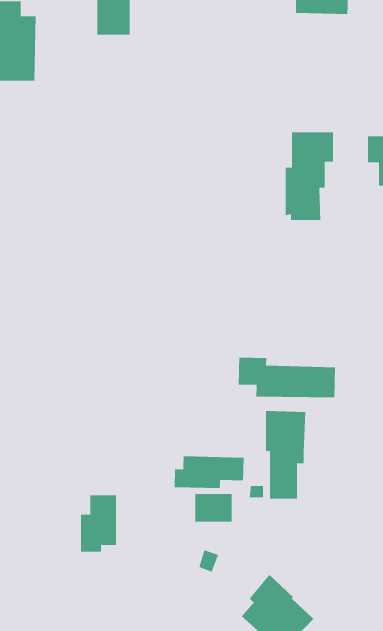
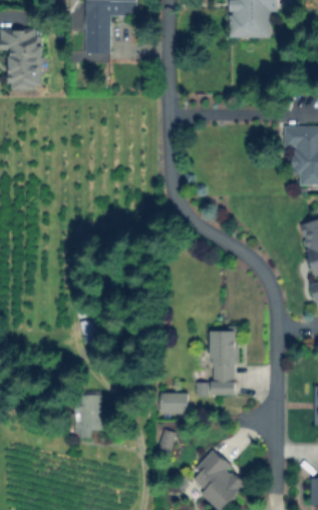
building: [285,132,334,221] -> none
building: [238,357,336,398] -> none
building: [174,456,244,489] -> none

